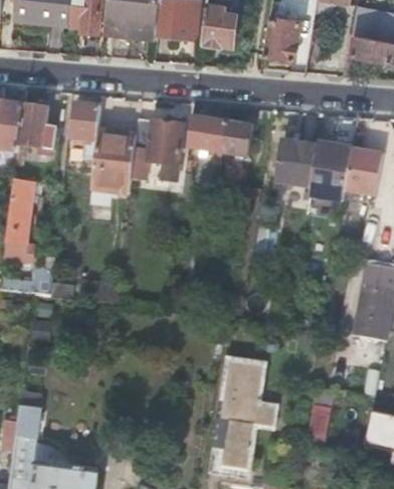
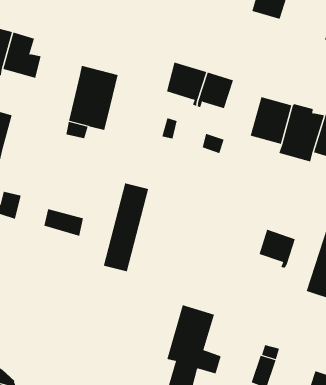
building: [71,104,101,141] -> none
building: [132,118,183,180] -> none
building: none -> [103,183,149,272]
building: none -> [259,229,296,269]

